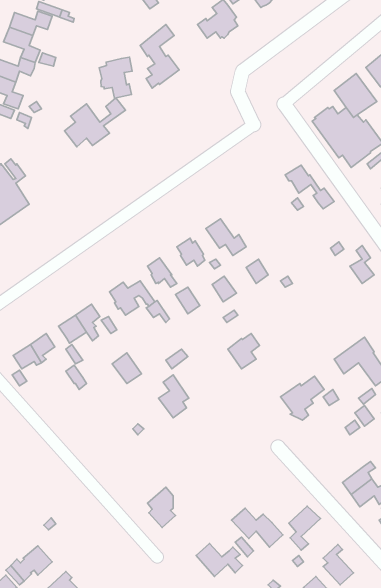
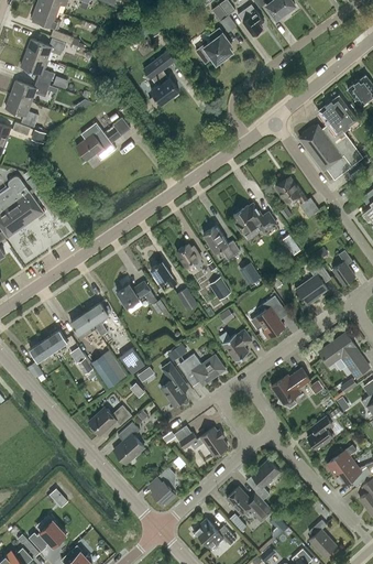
building: [99,57,132,98] -> none
building: none -> [233,204,276,240]
building: none -> [296,263,331,305]
building: none -> [251,295,285,339]
building: none -> [91,350,127,388]
building: none -> [179,354,226,386]
building: none -> [89,405,132,434]
building: none -> [307,415,332,449]
building: none -> [114,422,144,464]
building: none -> [175,425,228,456]
building: [289,506,321,550] -> [252,459,281,499]

